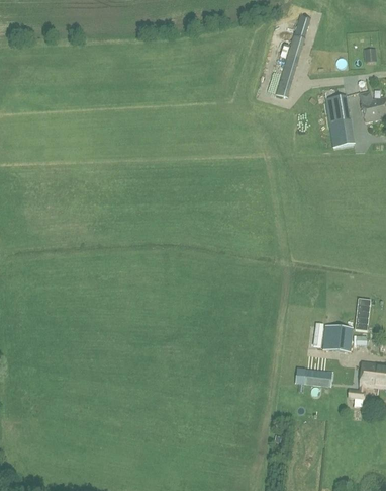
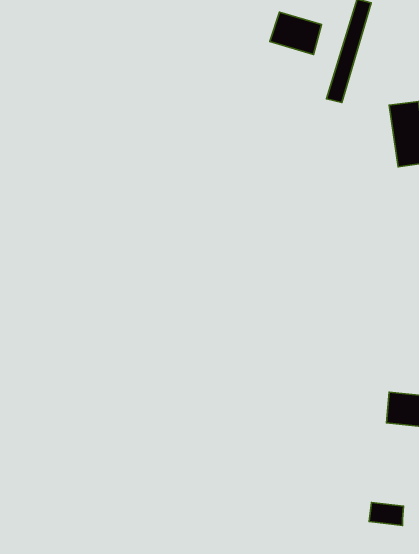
building: none -> [270,12,322,54]
building: [303,367,330,386] -> [369,502,404,525]

